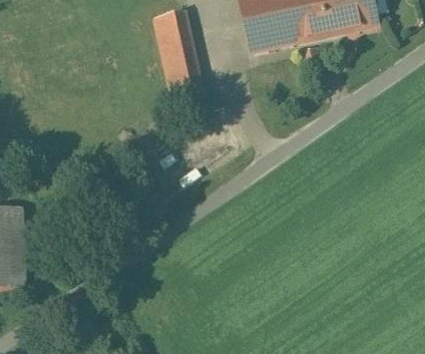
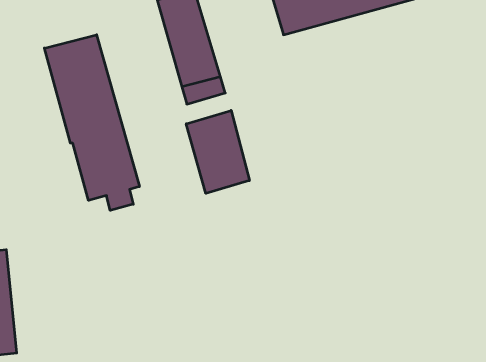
building: none -> [44,35,139,210]
building: none -> [186,110,249,193]

